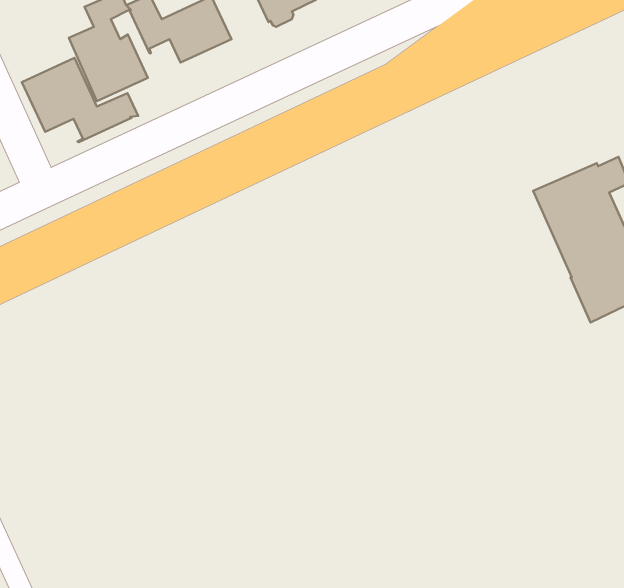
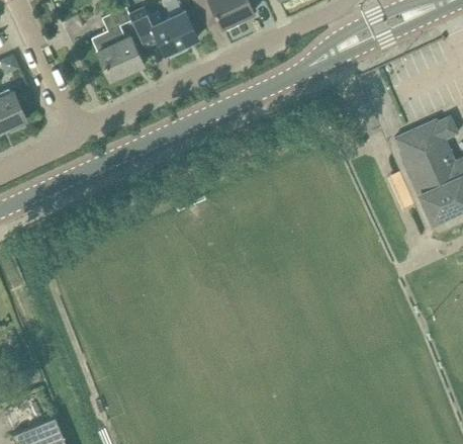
building: [22,58,138,142] -> none

